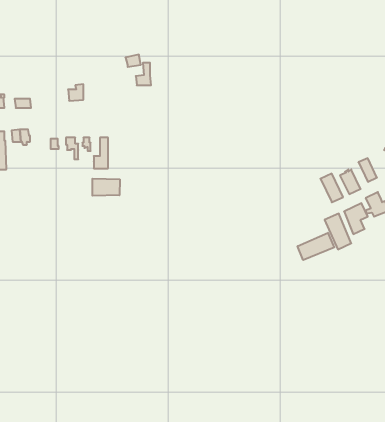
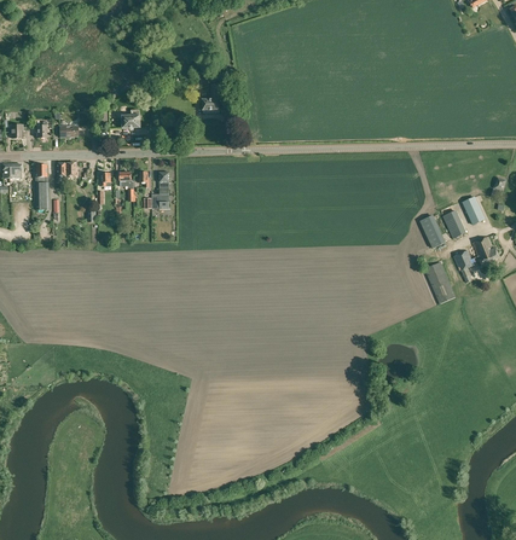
building: [92,179,120,196] -> none
building: [298,233,334,260] -> none

